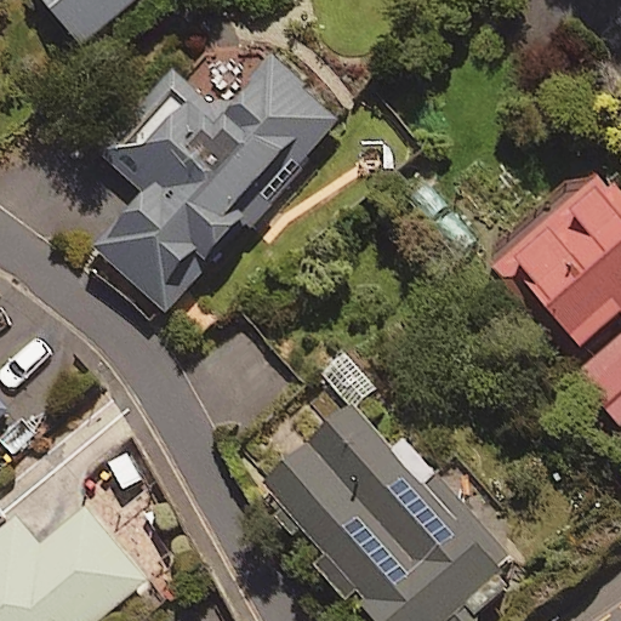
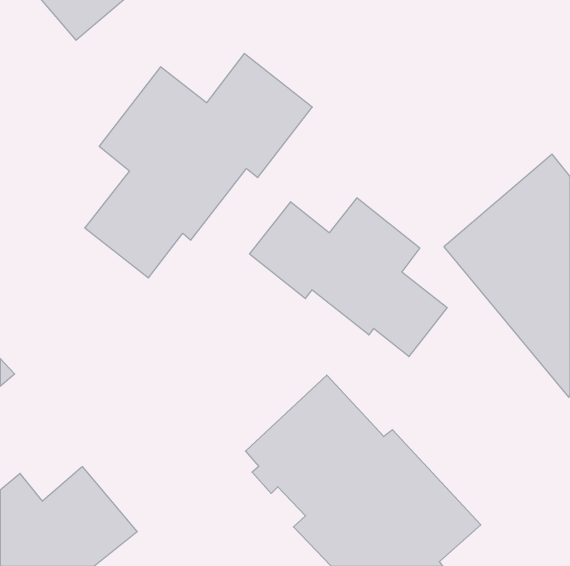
building: none -> [250,198,447,357]

